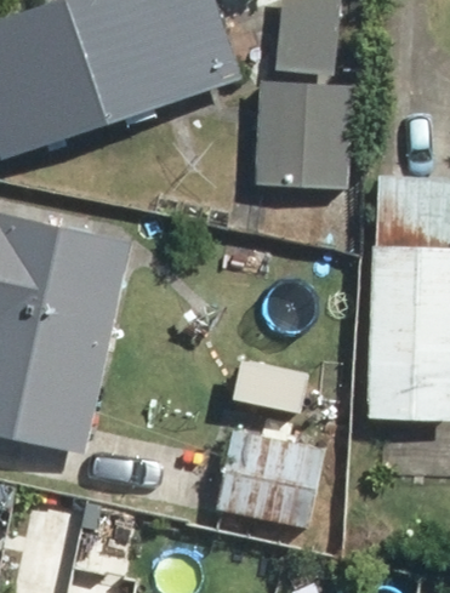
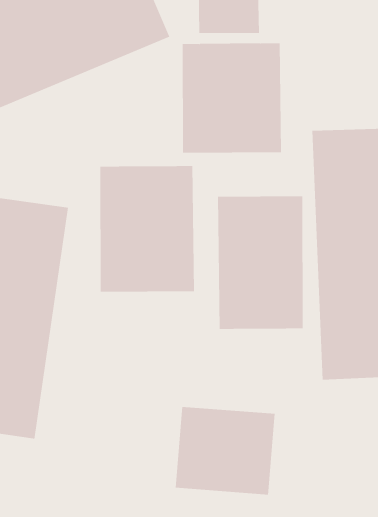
building: none -> [100,165,195,293]
building: none -> [217,196,303,330]

